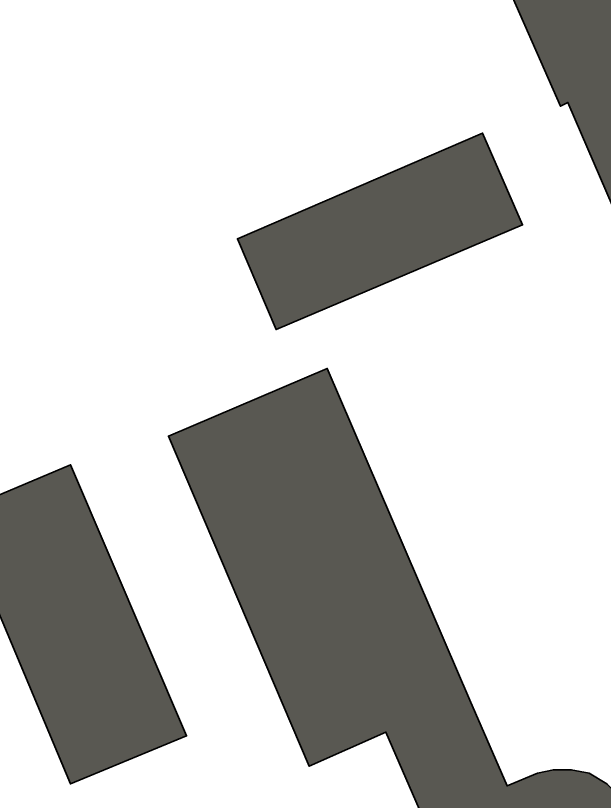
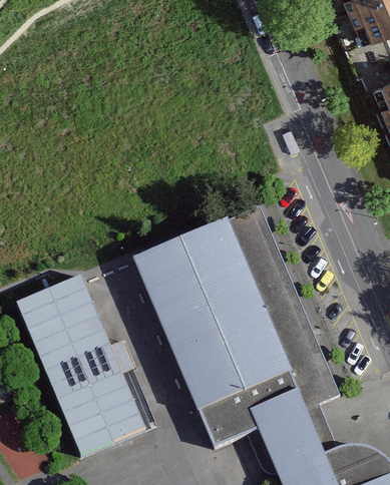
building: [237,133,523,330] -> none
building: none -> [225,206,338,407]

